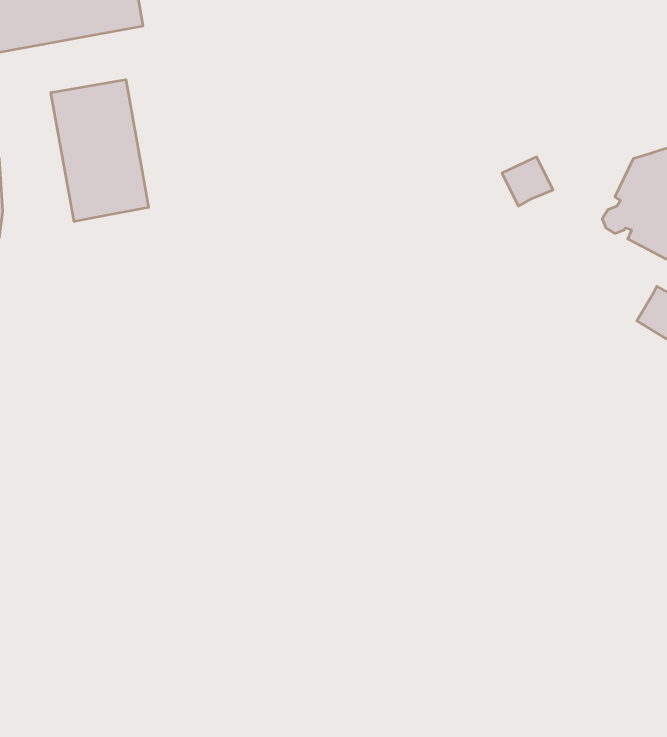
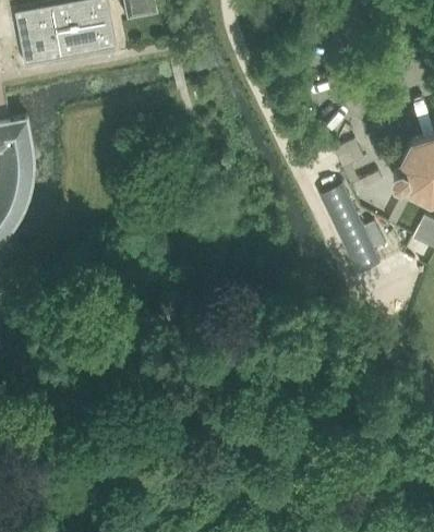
building: [51,80,149,222] -> none
building: none -> [321,185,382,274]

